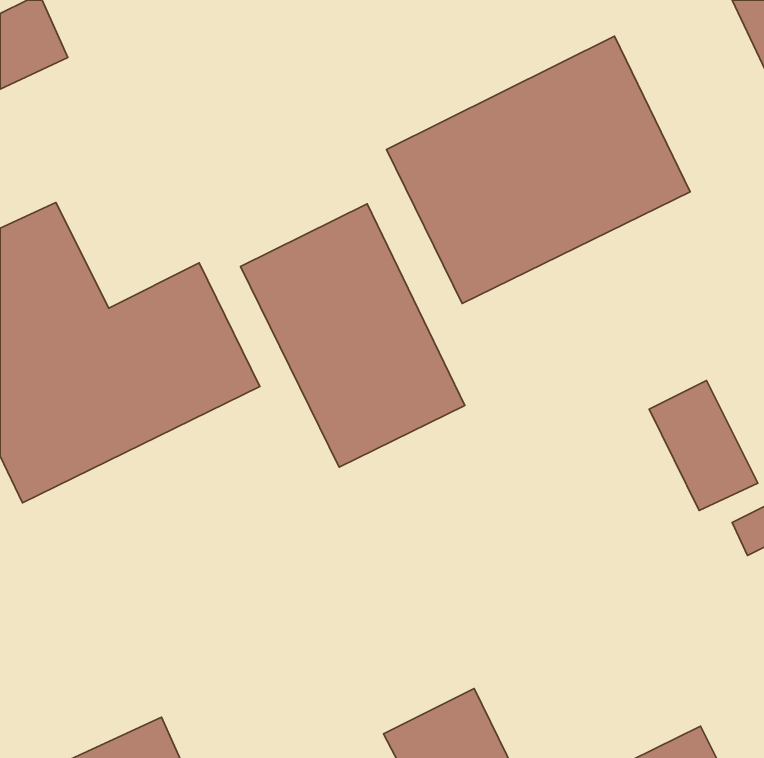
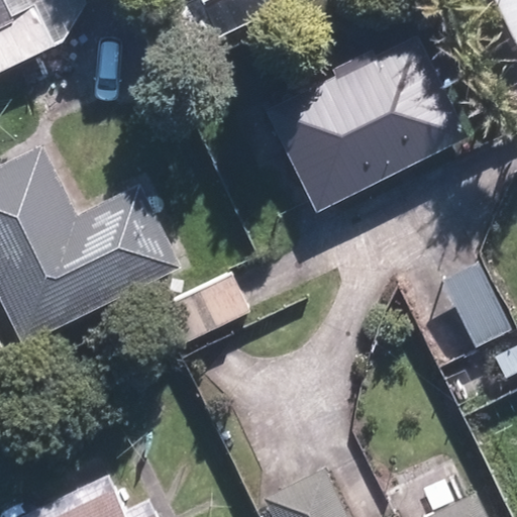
building: [241,204,465,467] -> none

